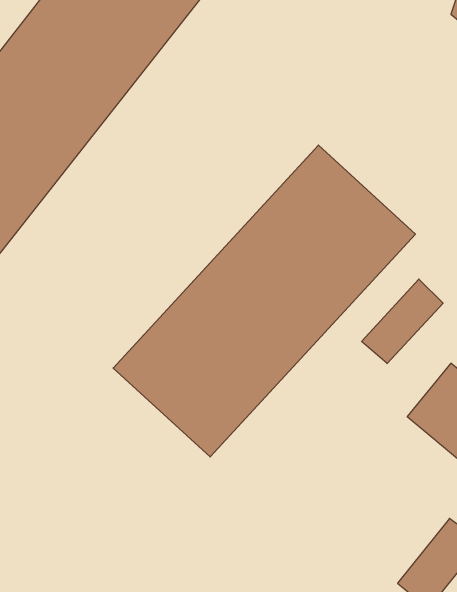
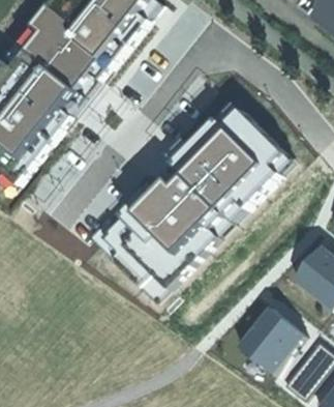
building: [362,279,443,364] -> none
building: none -> [236,300,303,368]

